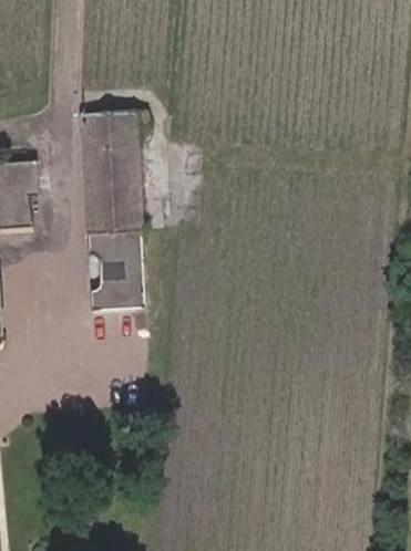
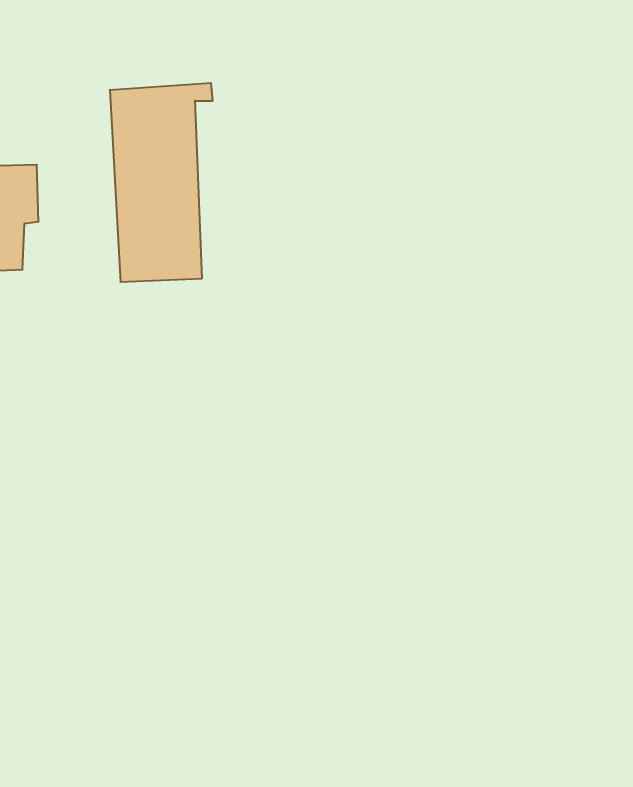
building: [85,232,141,310] -> none

